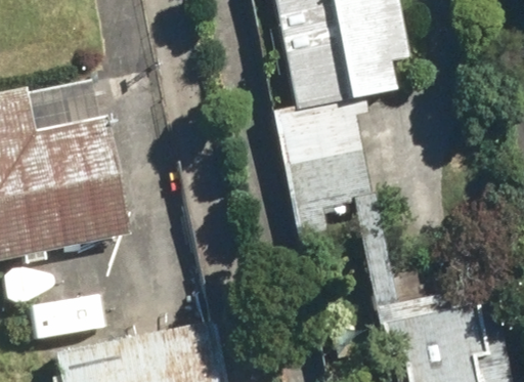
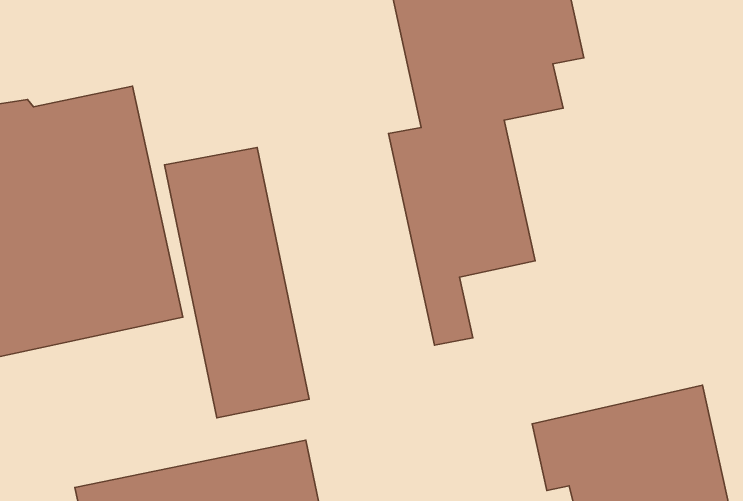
building: none -> [164,147,309,418]

